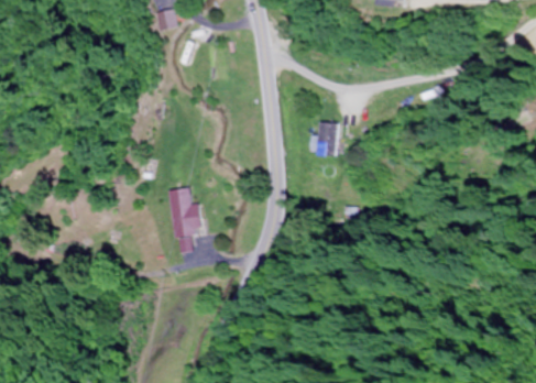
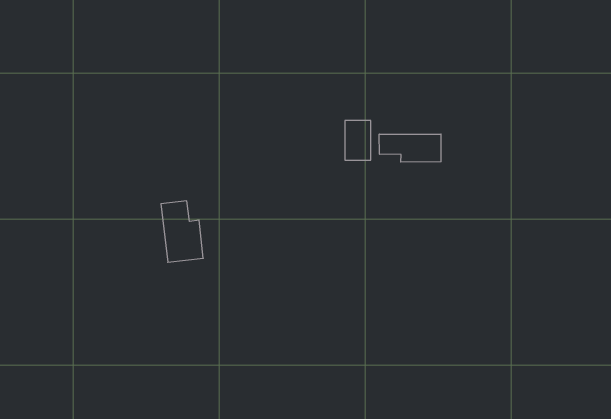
building: none -> [379,134,441,162]

